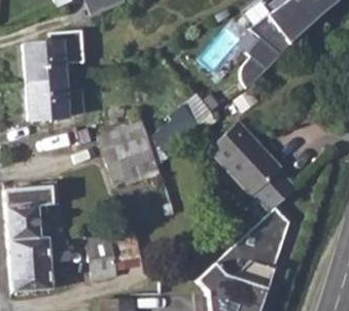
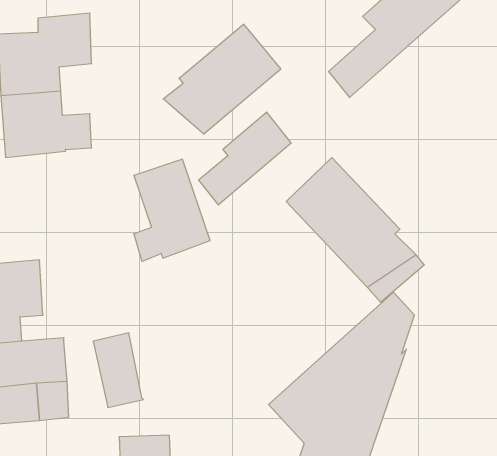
building: none -> [163,24,281,134]

